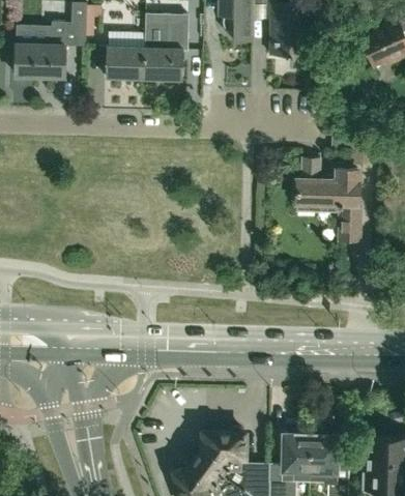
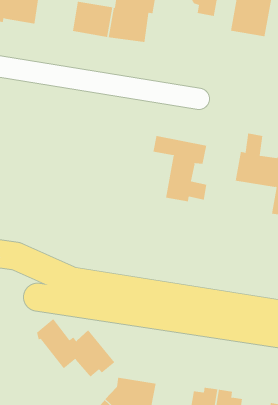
building: none -> [153,135,207,202]
building: none -> [36,318,115,378]

